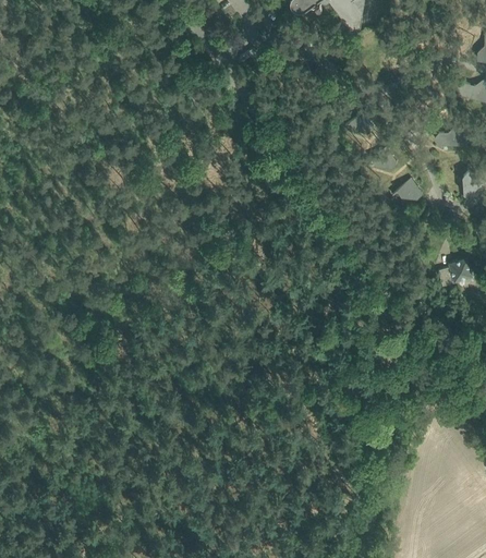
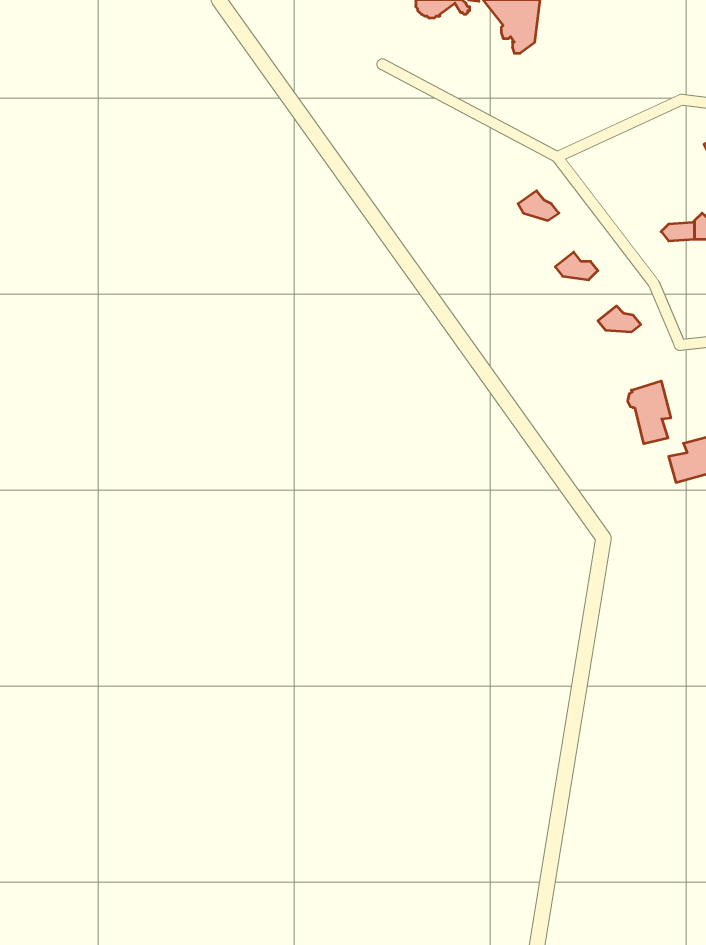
building: none -> [628,381,671,444]

